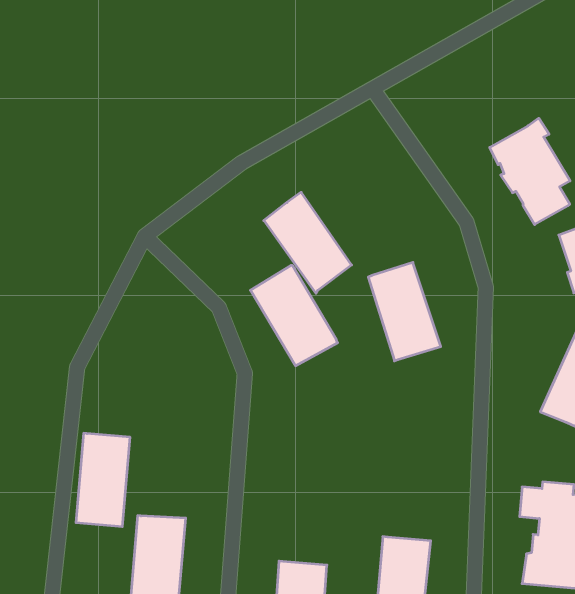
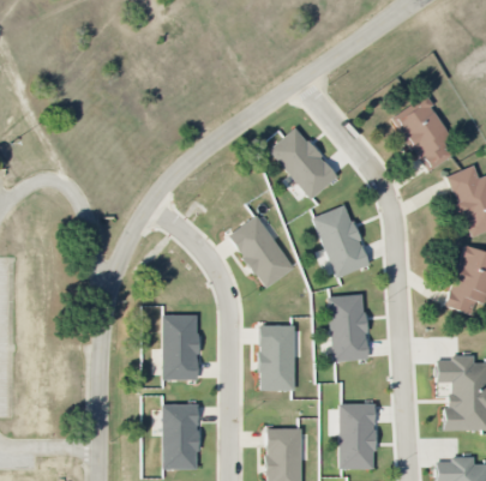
building: [264,192,352,293] -> [270,128,336,200]
building: none -> [328,295,367,362]
building: none -> [258,326,295,391]
building: [76,433,130,527] -> [163,315,197,380]

